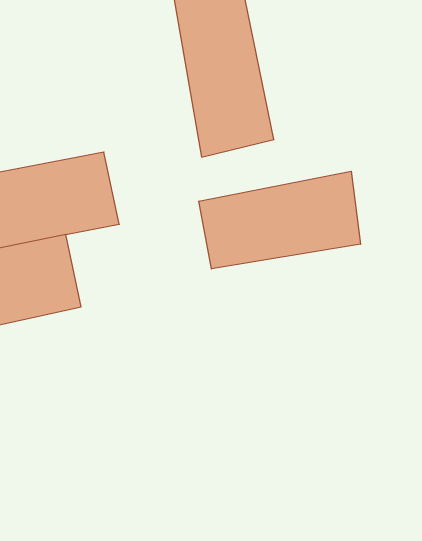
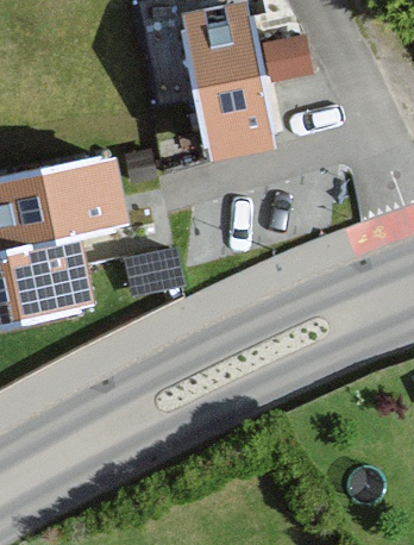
building: [199,171,361,269] -> none

